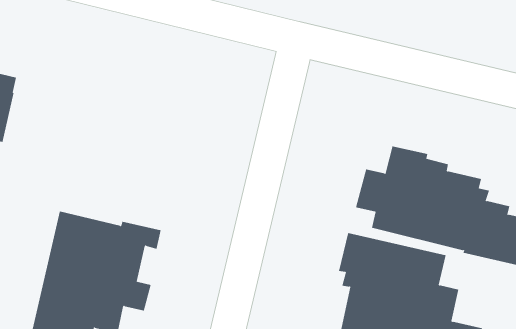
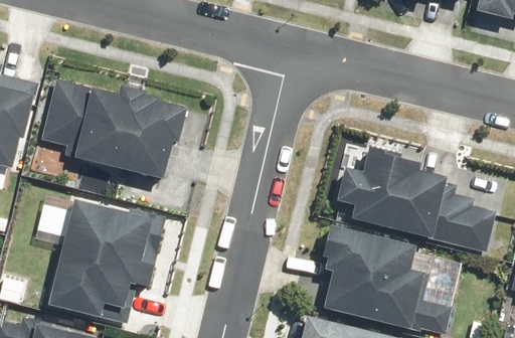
building: none -> [41,81,190,181]

